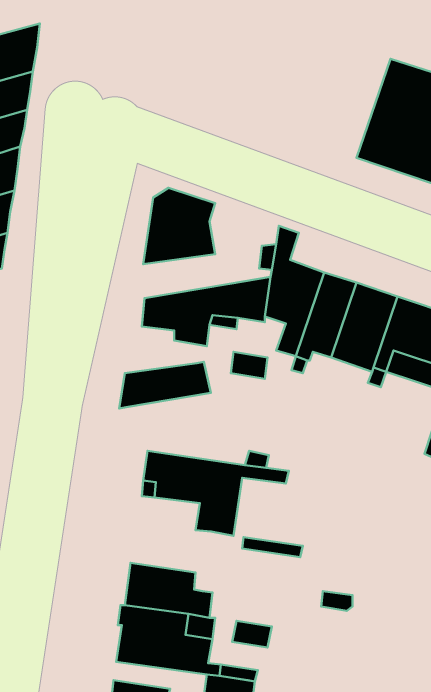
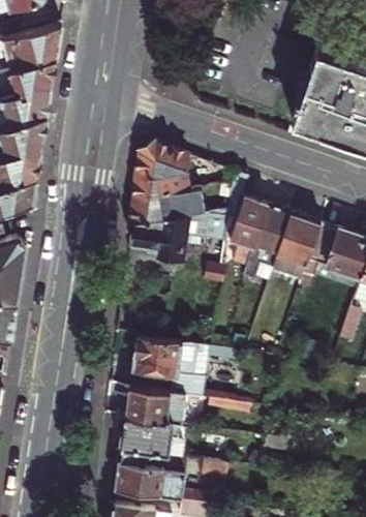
building: [119,362,211,409] -> [131,190,199,224]
building: none -> [126,387,185,425]

